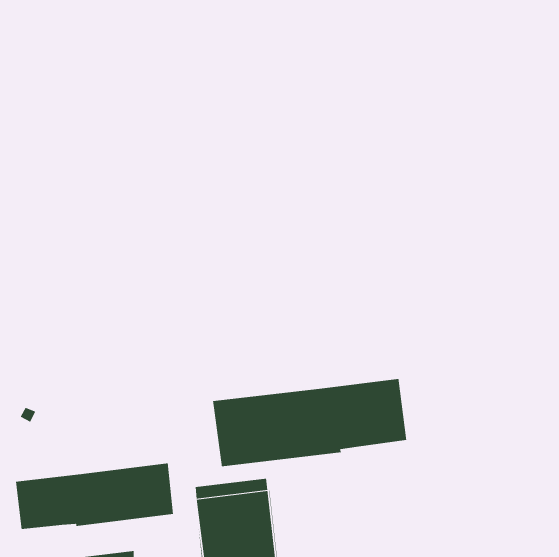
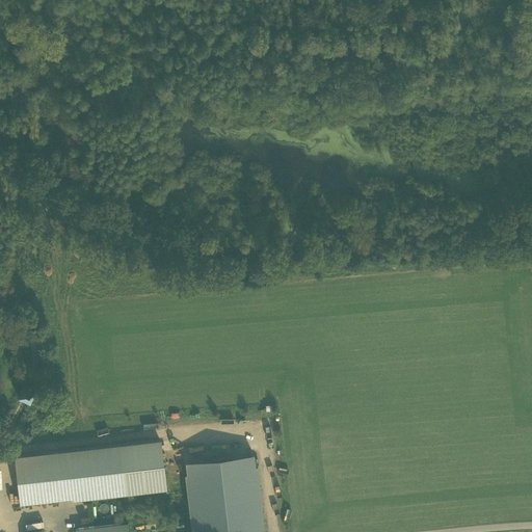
building: [213,378,407,467] -> none

